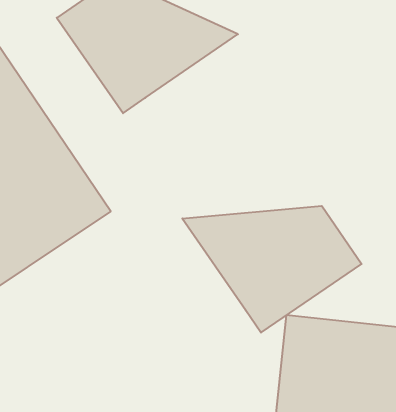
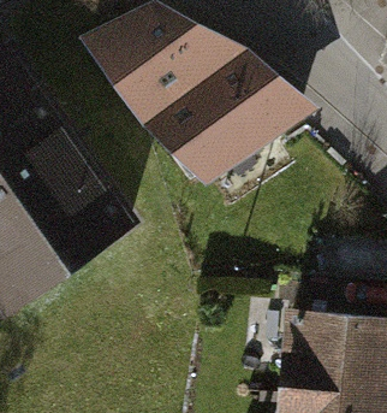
building: none -> [167,66,299,182]
building: [182,206,362,333] -> none

